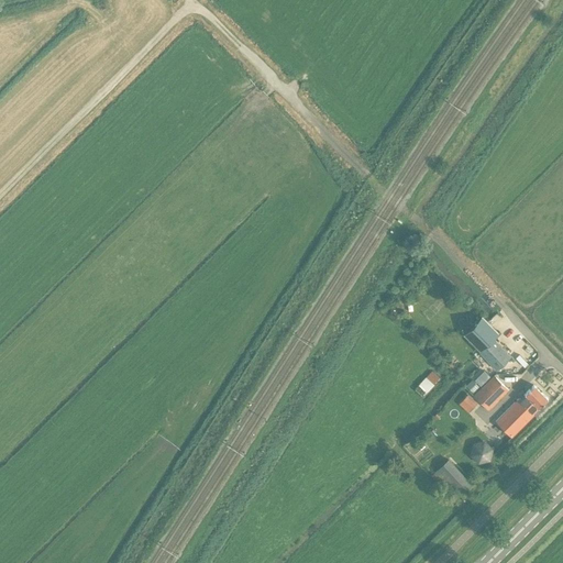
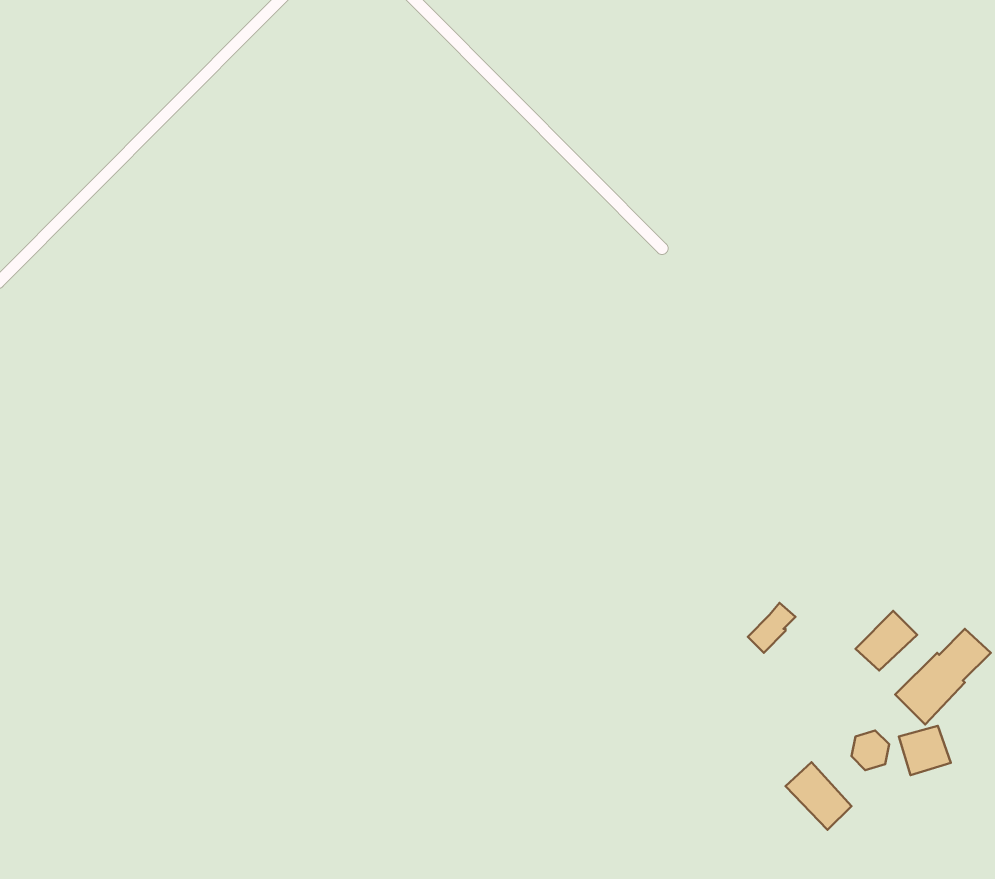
building: [463,317,510,371] -> none
building: none -> [899,726,951,775]

